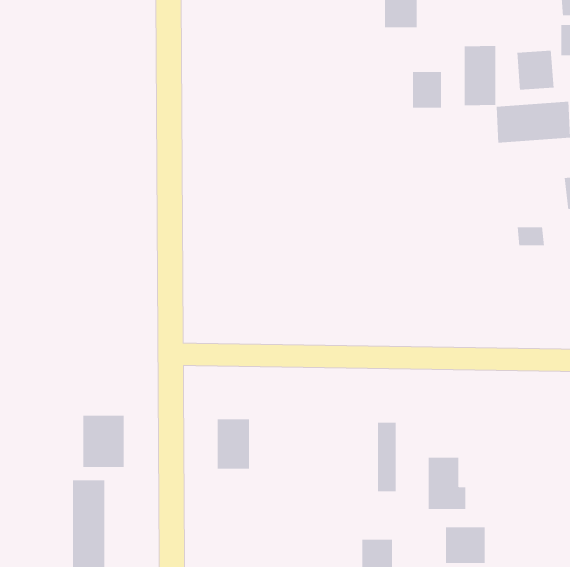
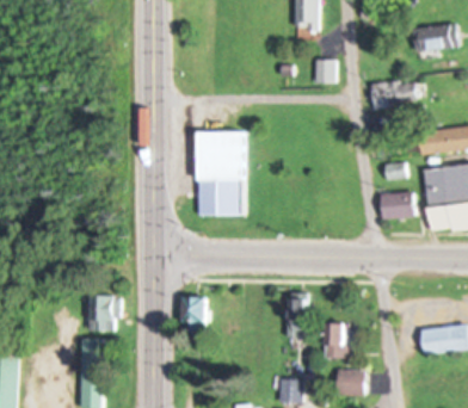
building: [464,45,496,106] -> none
building: [517,50,554,90] -> none
building: none -> [196,131,242,215]
building: none -> [381,192,414,218]

